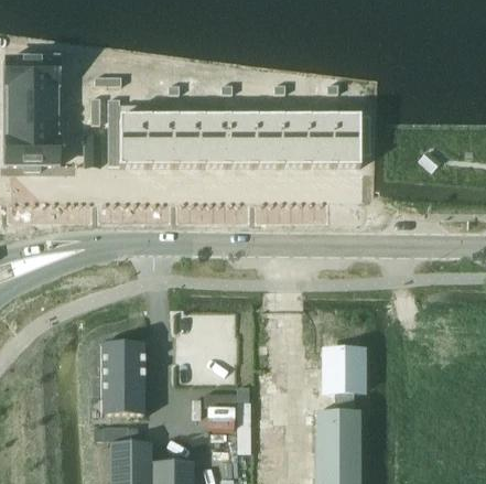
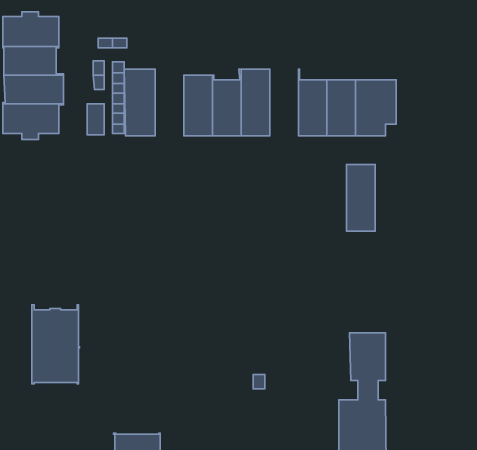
building: [148,103,174,164] -> none
building: [253,103,280,164] -> [347,164,375,231]
building: [101,340,145,412] -> [32,305,80,384]

